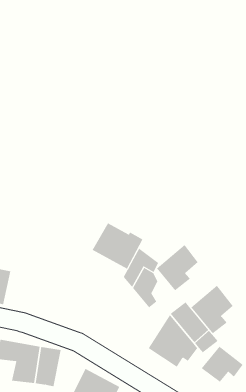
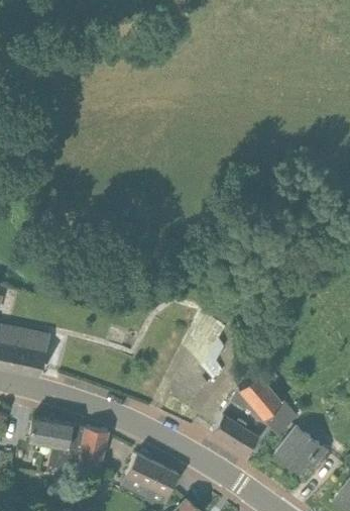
building: [92,223,143,269] -> none
building: [156,244,199,291] -> none
building: [190,285,234,334] -> none

